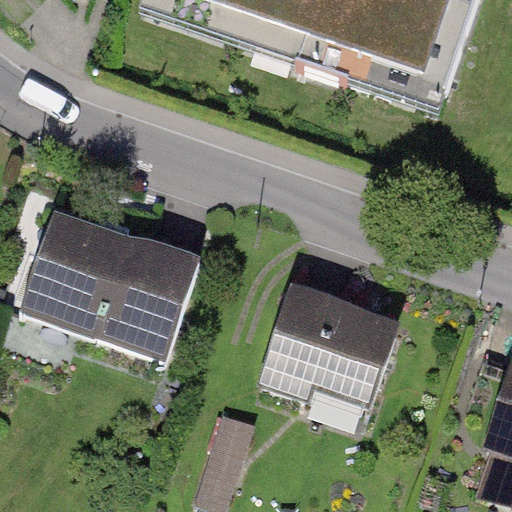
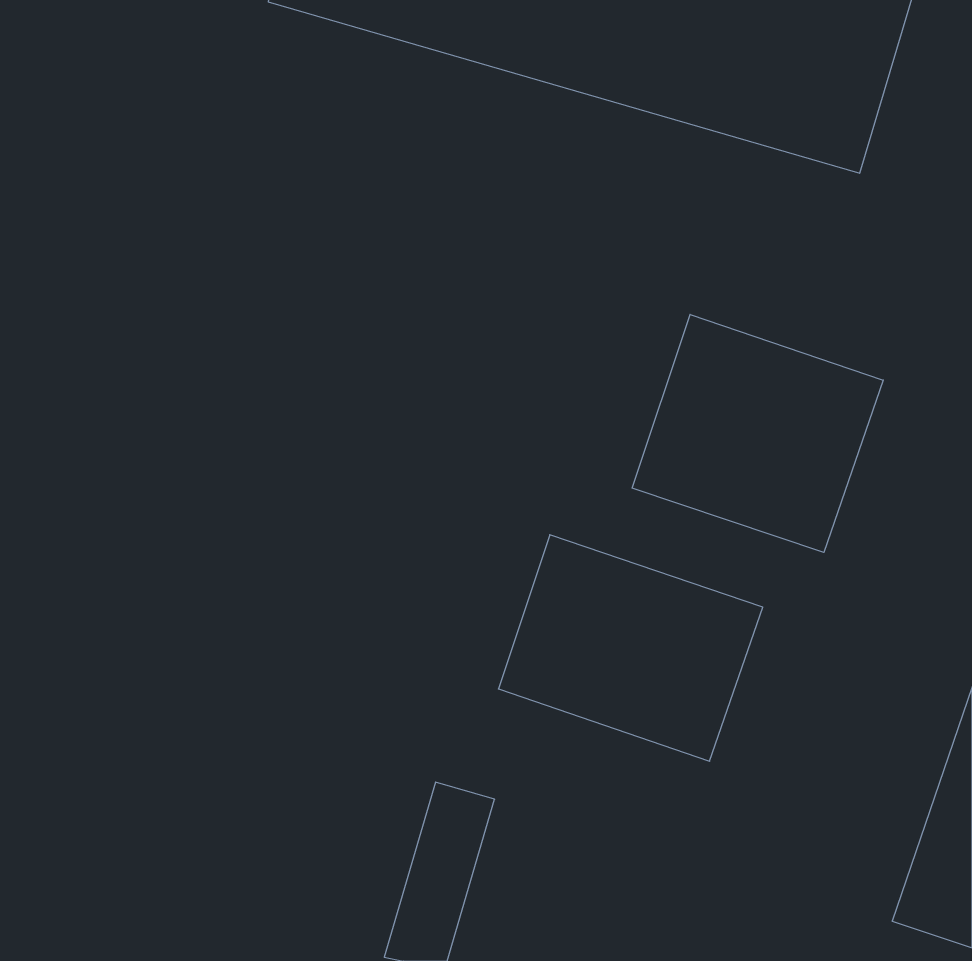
building: none -> [632,314,883,552]
building: [20,208,197,357] -> none

